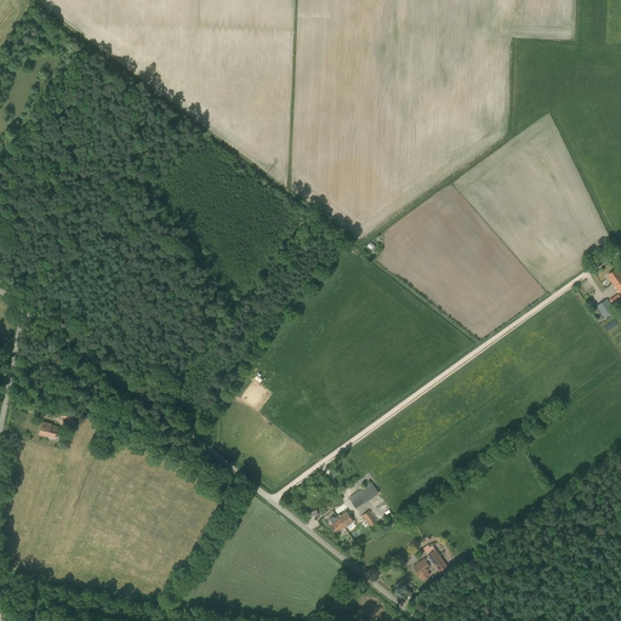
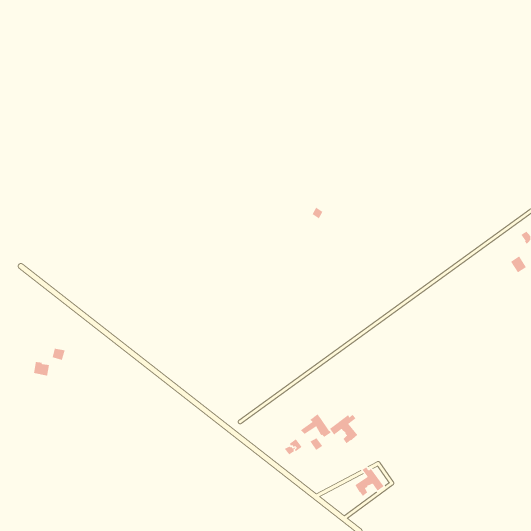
building: none -> [329,414,358,444]

